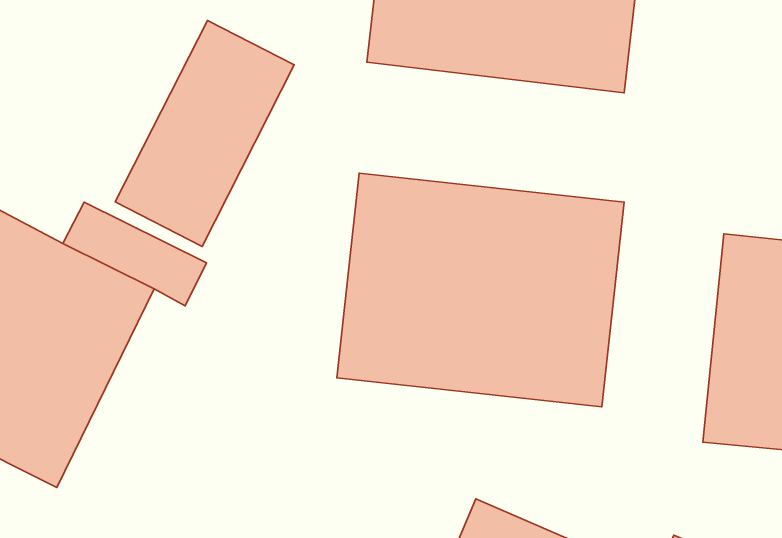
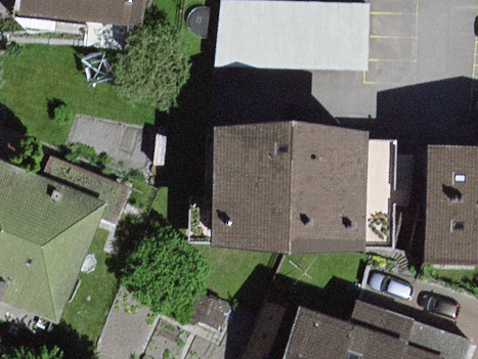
building: [115,20,294,246] -> none

